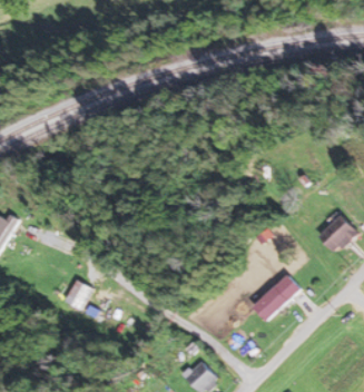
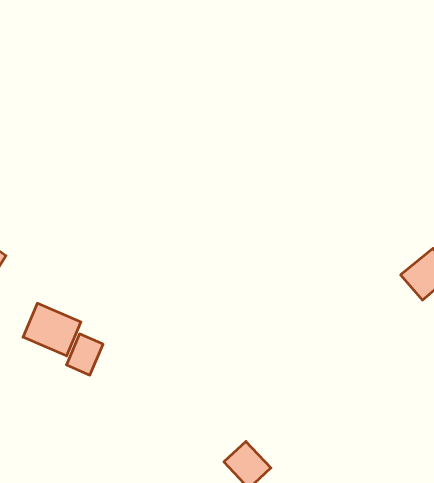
building: none -> [23,303,81,356]
building: [253,274,302,321] -> none

